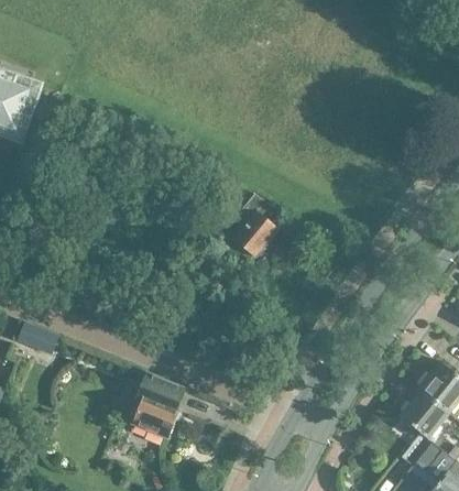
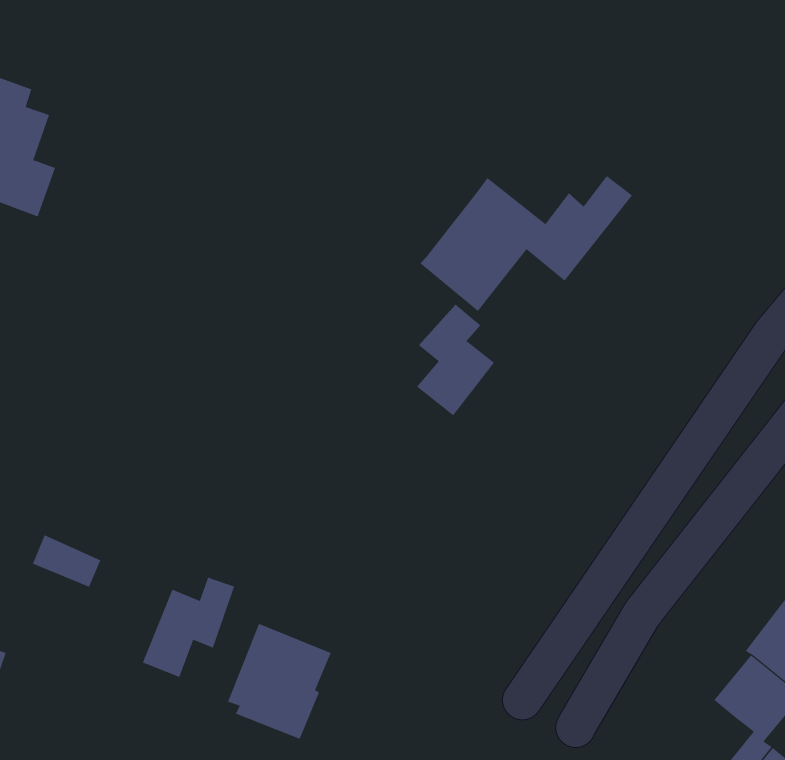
building: none -> [419,175,633,312]
building: none -> [142,577,235,678]

